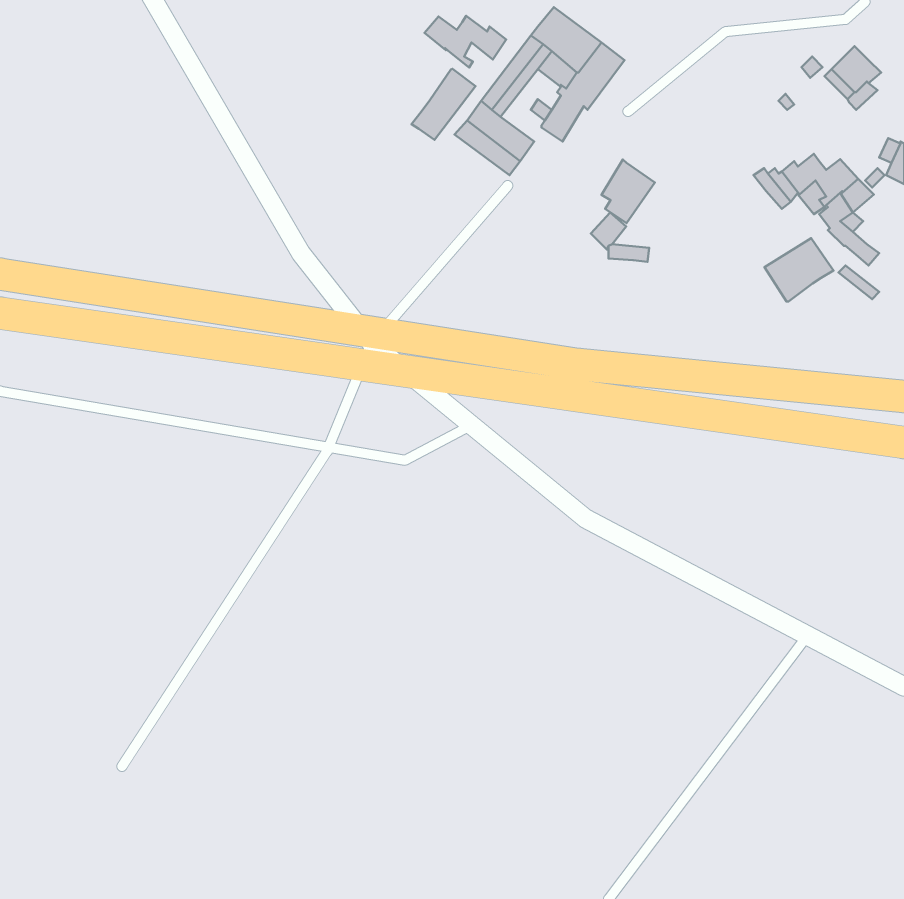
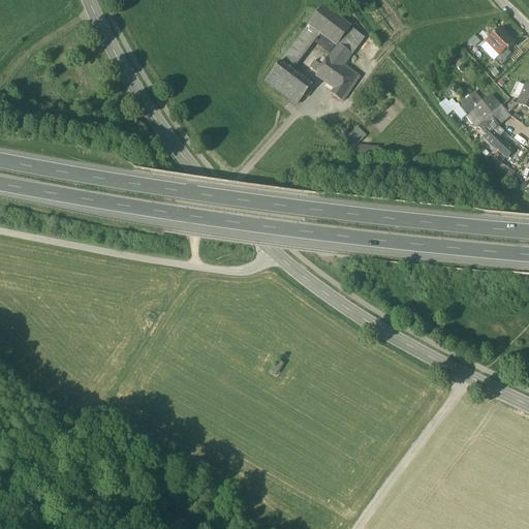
building: [424,16,506,68] -> none
building: [412,69,476,140] -> none
building: [602,159,655,223] -> [329,62,360,99]
building: [765,238,833,302] -> none

